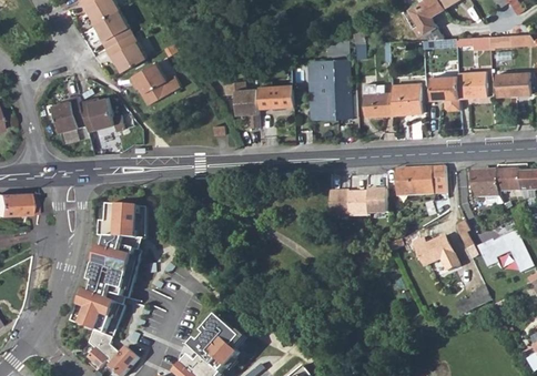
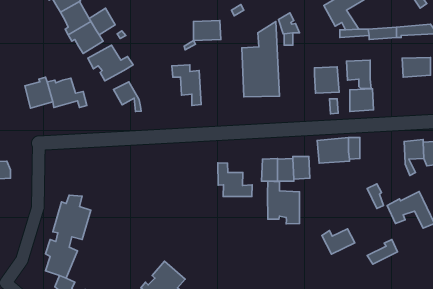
building: none -> [89,8,115,35]
building: [458,71,486,98] -> [350,89,374,112]
building: [261,84,293,108] -> [193,21,221,40]
building: [365,92,394,116] -> none
building: none -> [114,82,141,112]
building: [474,171,503,206] -> none
building: none -> [218,163,252,197]
building: [98,202,135,236] -> none
building: none -> [268,181,299,224]
building: [415,236,454,266] -> [322,229,355,254]

